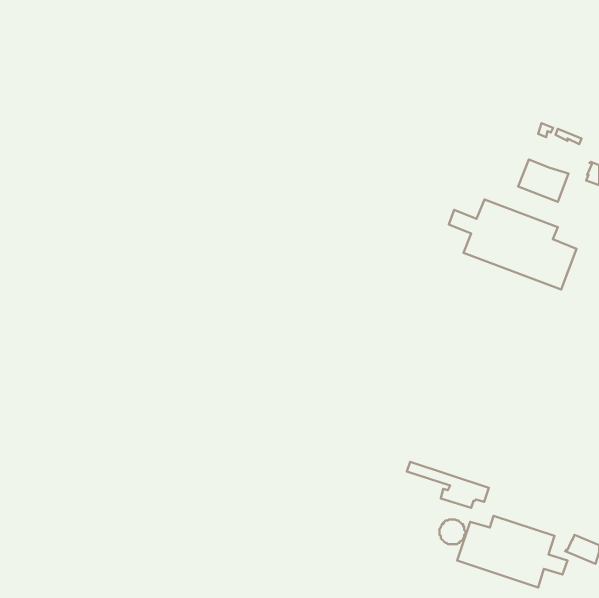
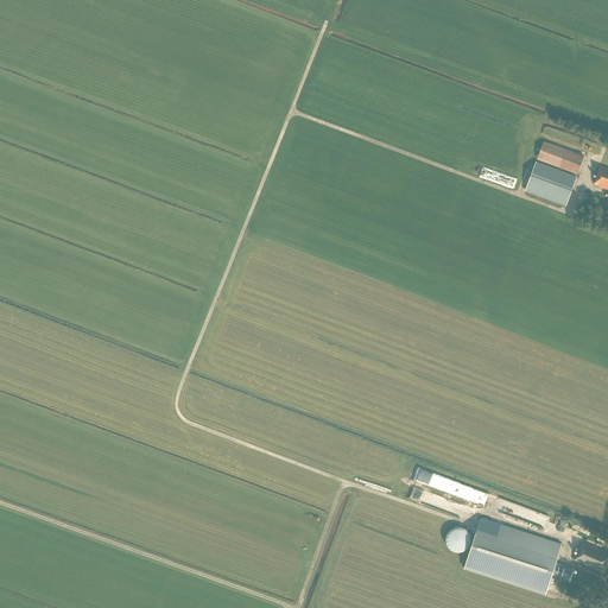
building: none -> [537,140,584,173]
building: [449,199,576,290] -> none

